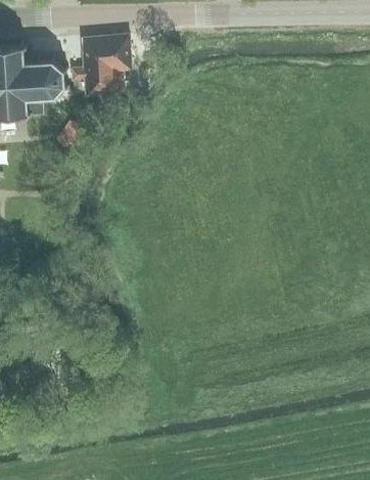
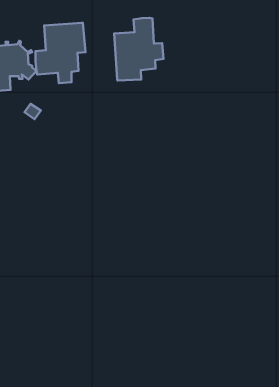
building: none -> [114,18,163,80]

